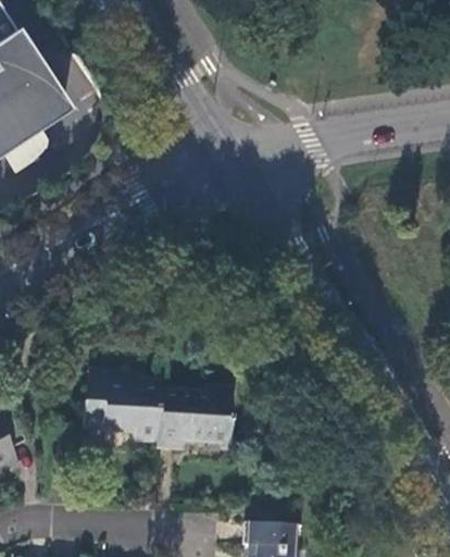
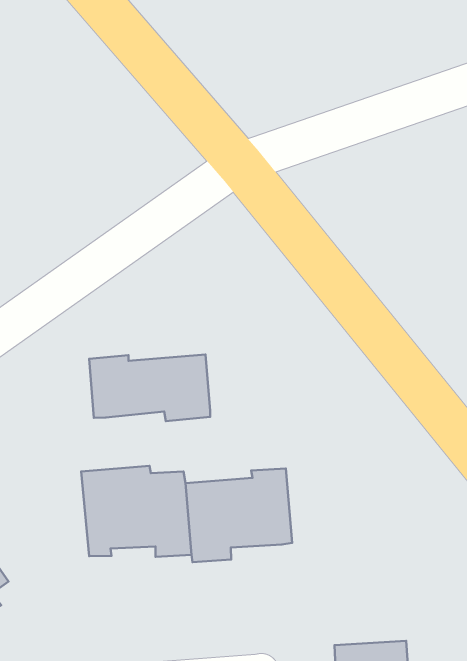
building: none -> [89,354,210,421]

